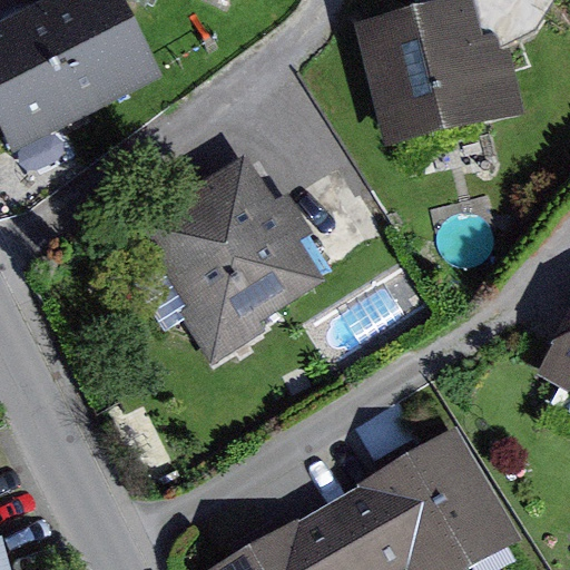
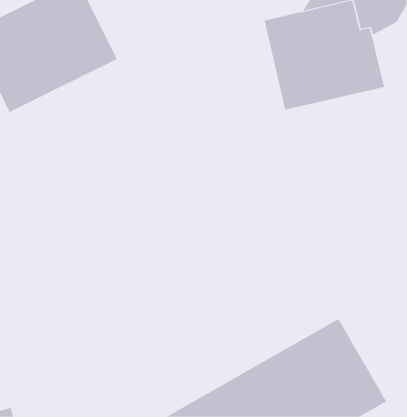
building: [137,157,374,364] -> none

